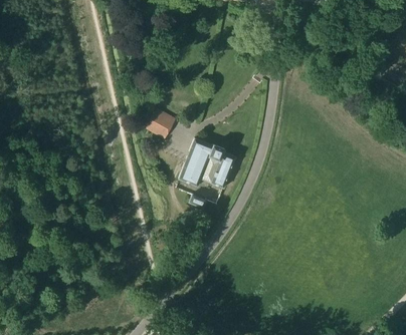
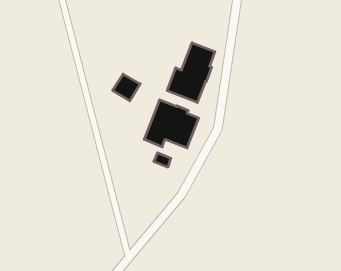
building: none -> [167,43,215,103]

